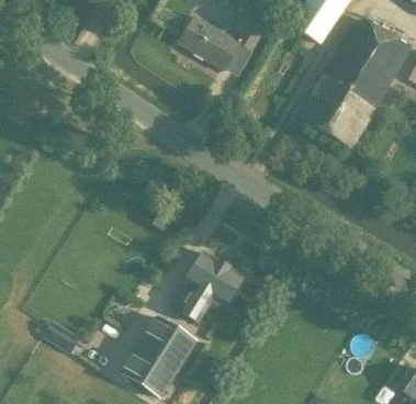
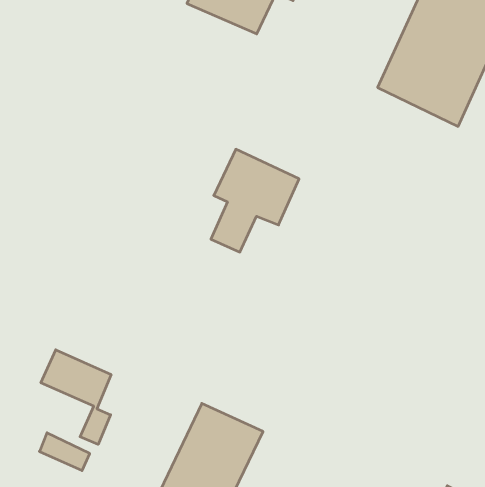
building: [180,251,245,322] -> [211,149,299,252]
building: none -> [41,350,111,444]

